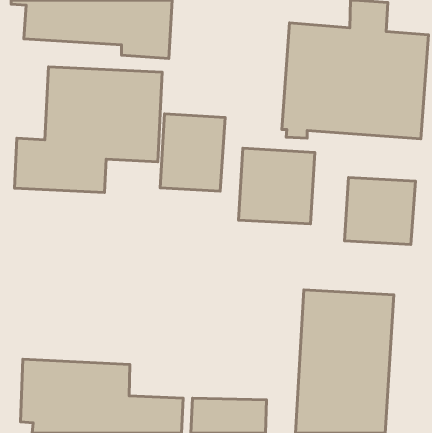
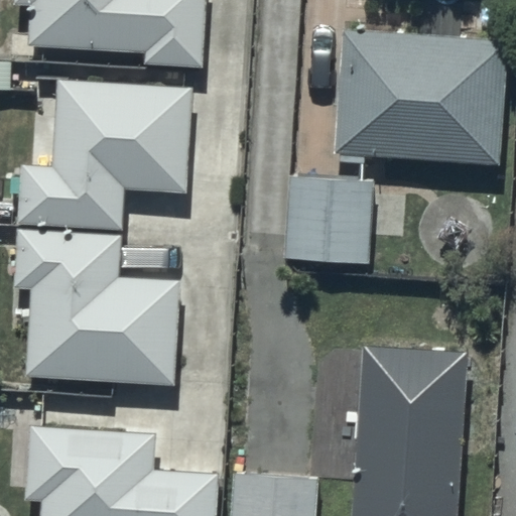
building: [160,114,225,191] -> none
building: [345,177,415,245] -> none
building: none -> [13,229,178,384]

